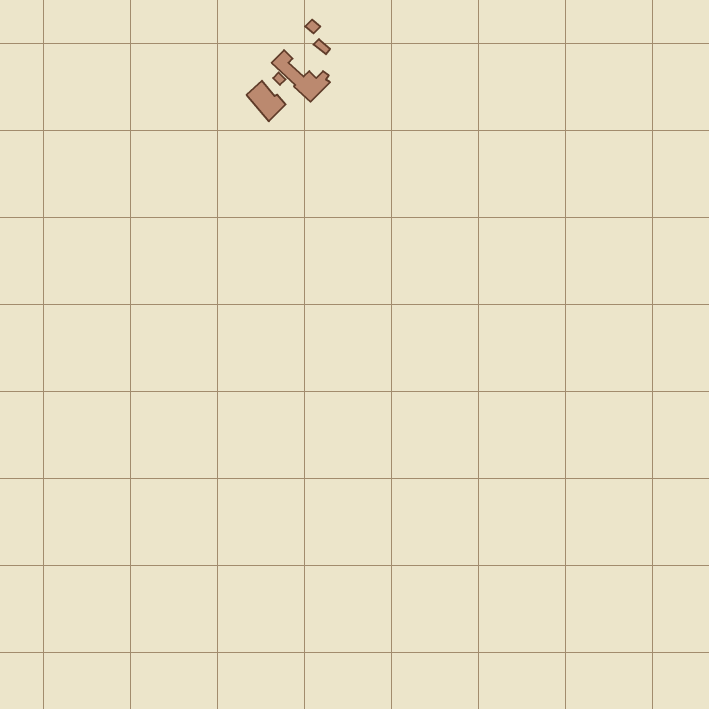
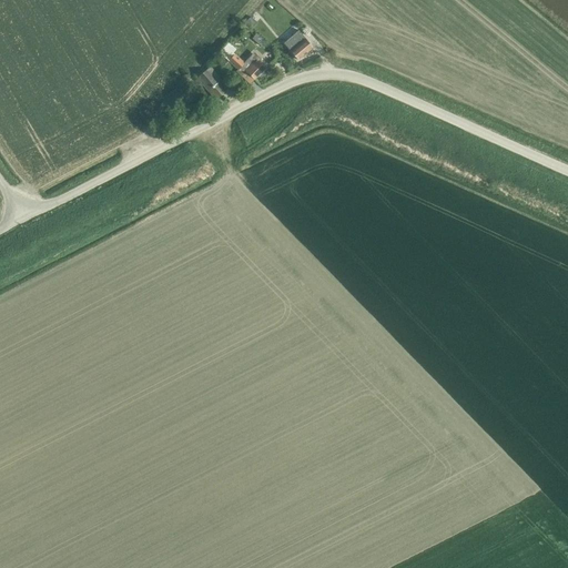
building: none -> [282,28,312,58]

